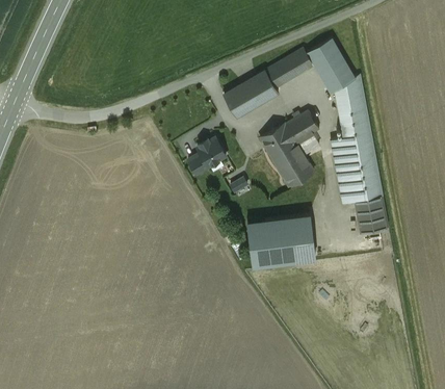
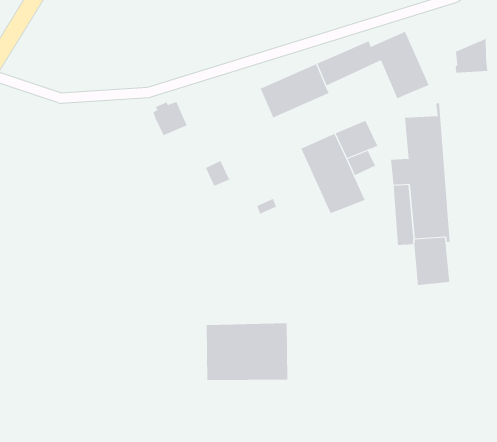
building: [335,76,362,105] -> [455,38,488,73]
building: [198,138,226,166] -> [152,101,188,136]
building: [247,214,315,265] -> [206,323,288,380]

